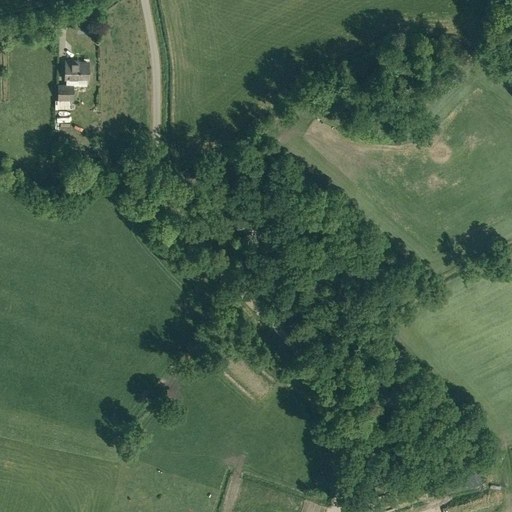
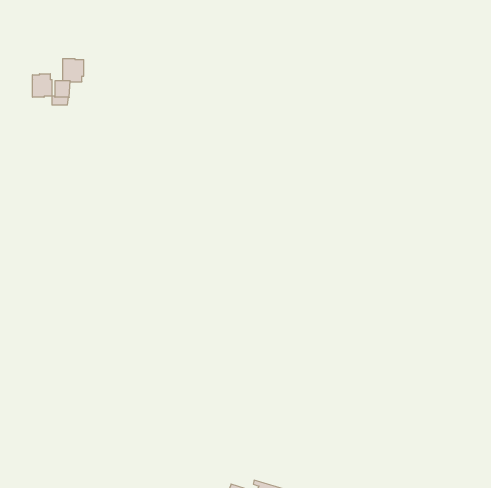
building: none -> [33,74,52,97]

